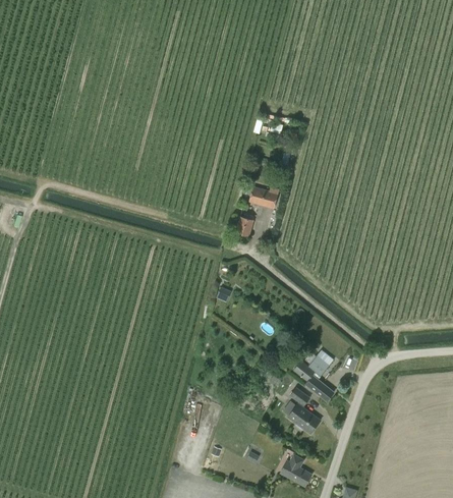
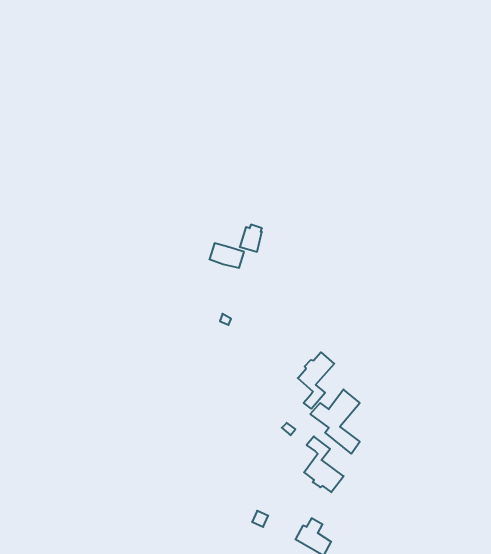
building: [249,188,278,209] -> [209,243,244,268]
building: none -> [298,352,334,409]

